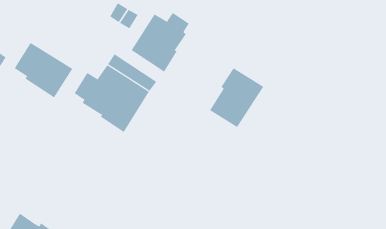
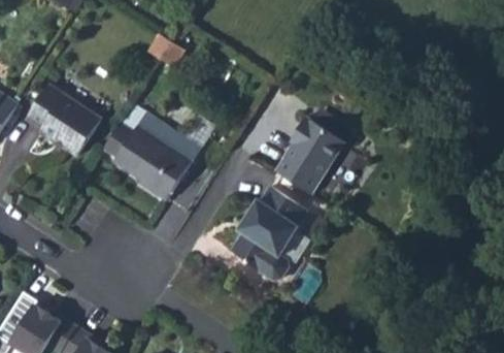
building: [131,12,190,72] -> none
building: none -> [231,186,306,280]

